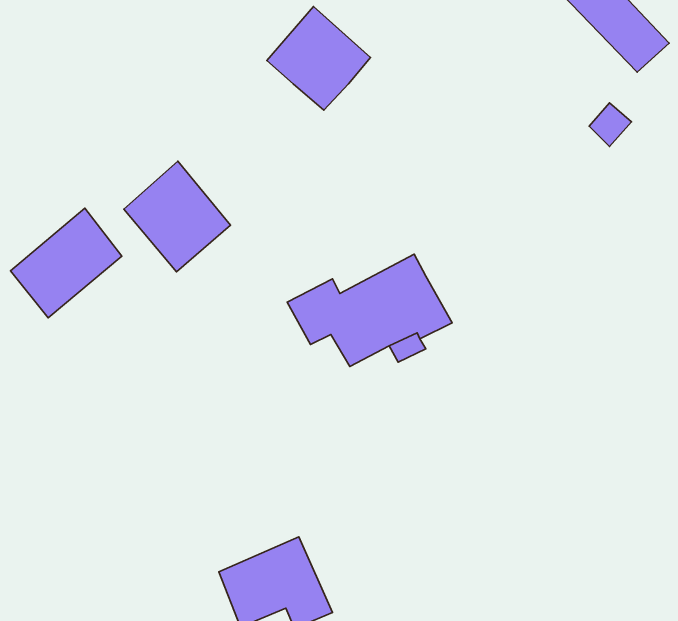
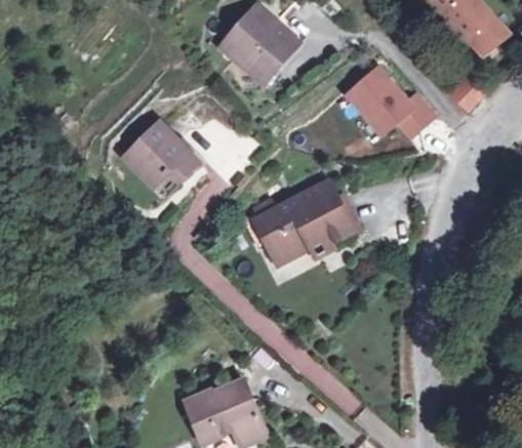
building: none -> [343,63,439,139]
building: [11,208,122,318] -> none

